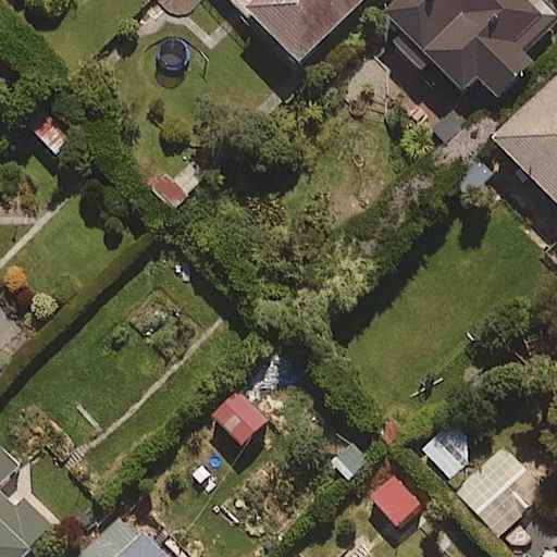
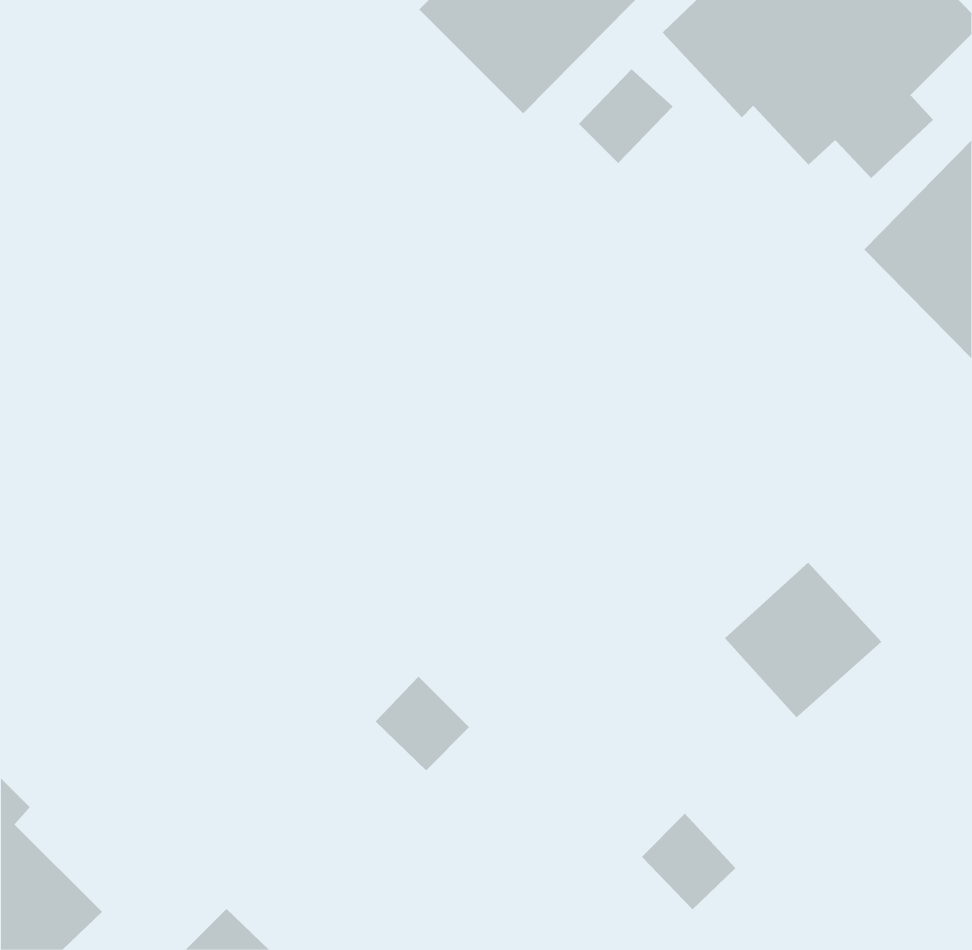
building: [457,441,547,530] -> [724,562,882,718]

